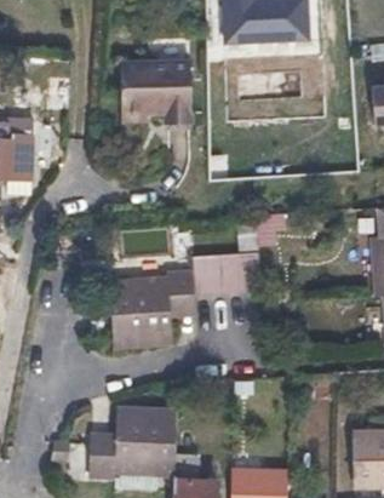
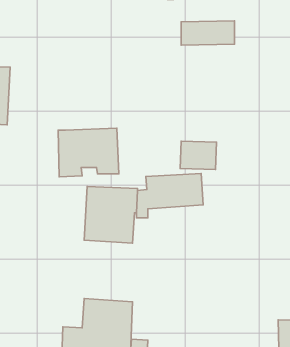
building: [121,63,194,121] -> [58,128,119,177]

